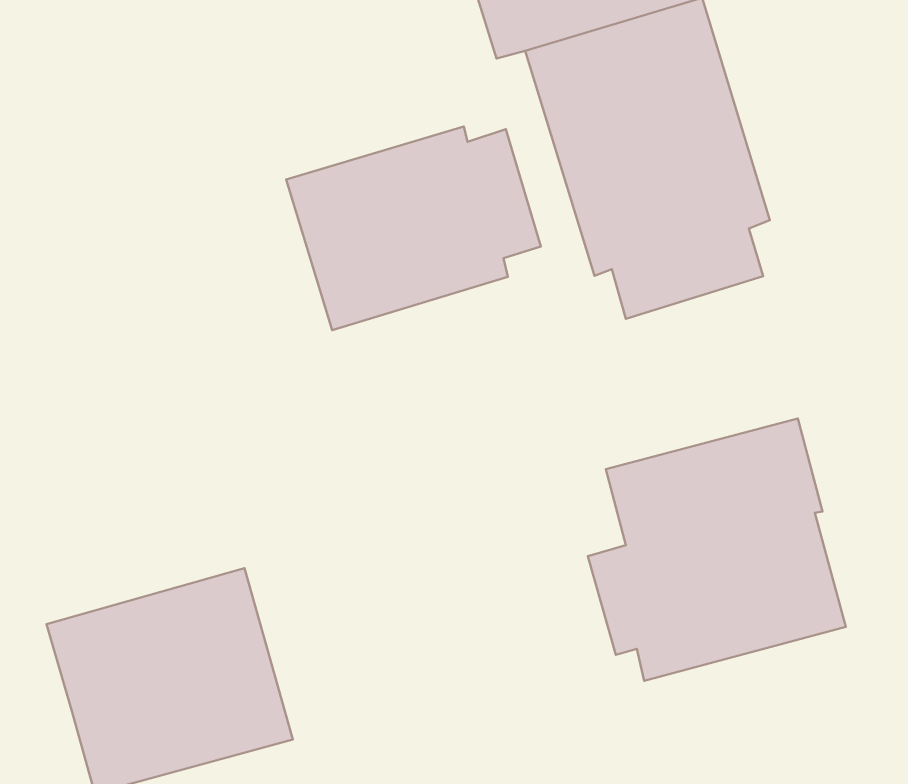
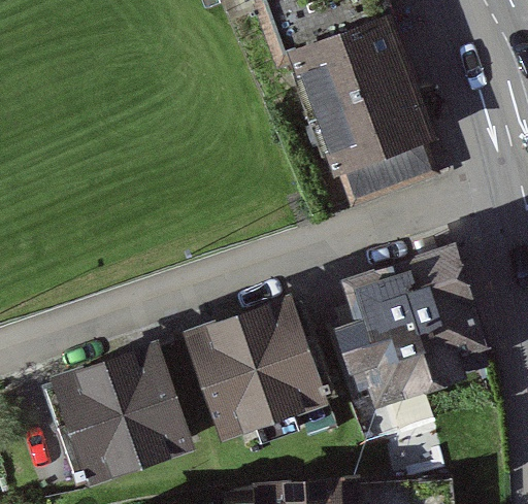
building: [286,127,541,330] -> none
building: none -> [192,304,331,435]

